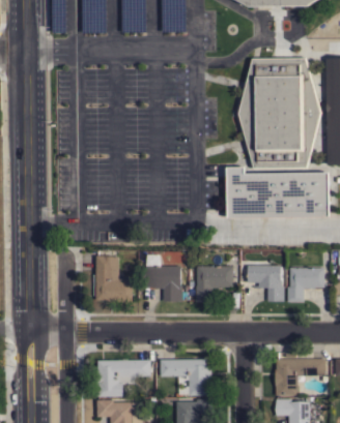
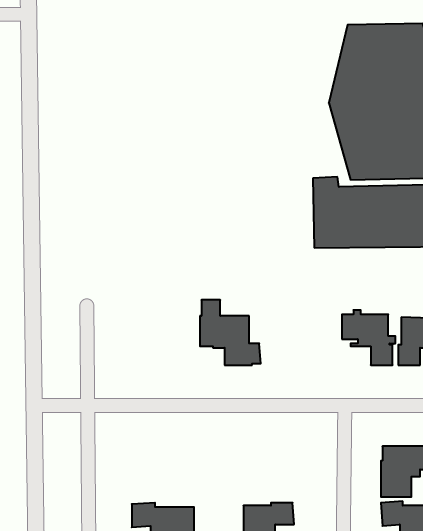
building: [95,255,132,301] -> none
building: [195,266,232,302] -> none
building: [160,359,210,397] -> none
building: [96,360,150,396] -> none

